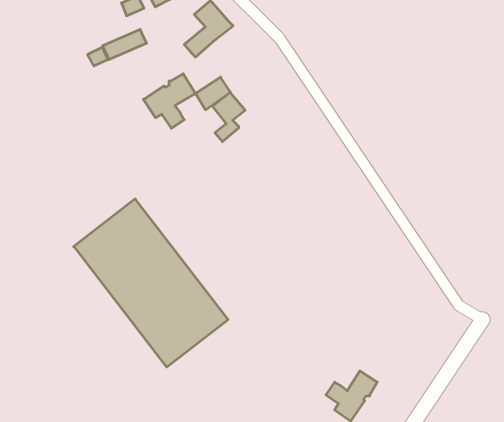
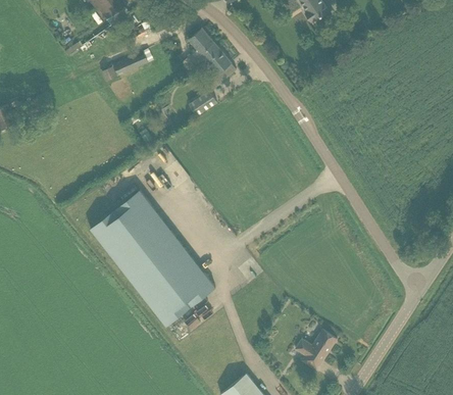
building: [143,74,195,128] -> none
building: [212,93,245,142] -> [205,49,232,89]

